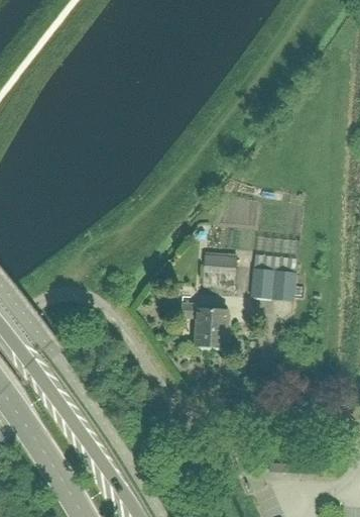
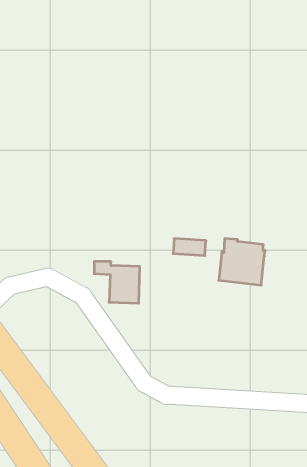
building: [182,304,228,346] -> [94,262,140,303]

